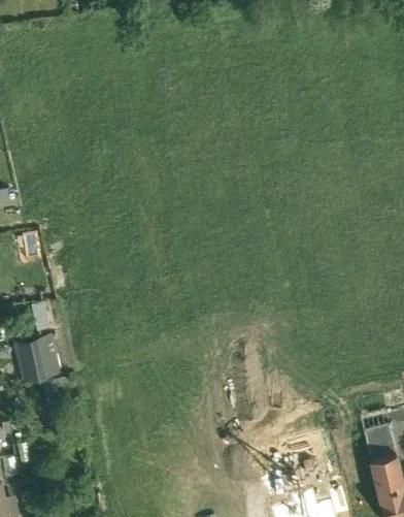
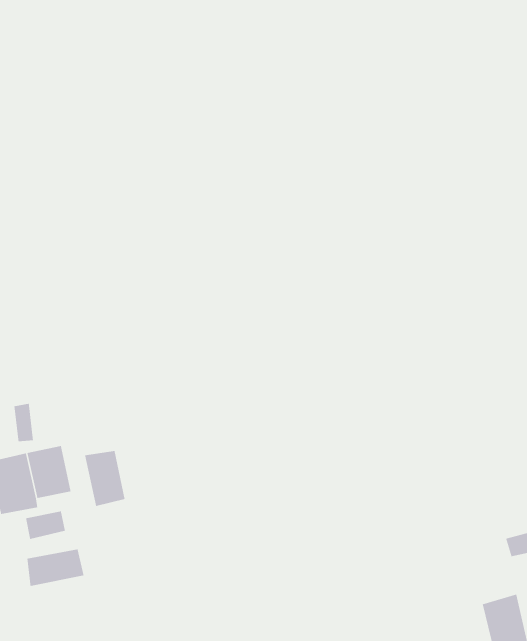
building: none -> [84,450,125,507]
building: none -> [26,548,85,587]

